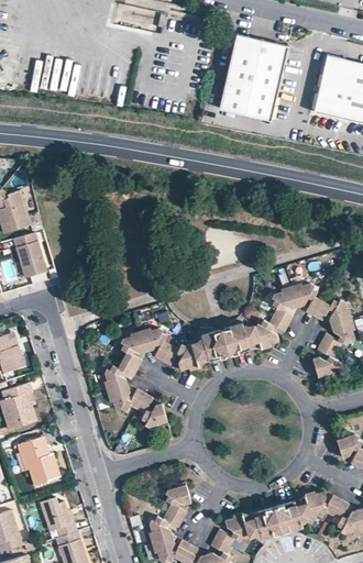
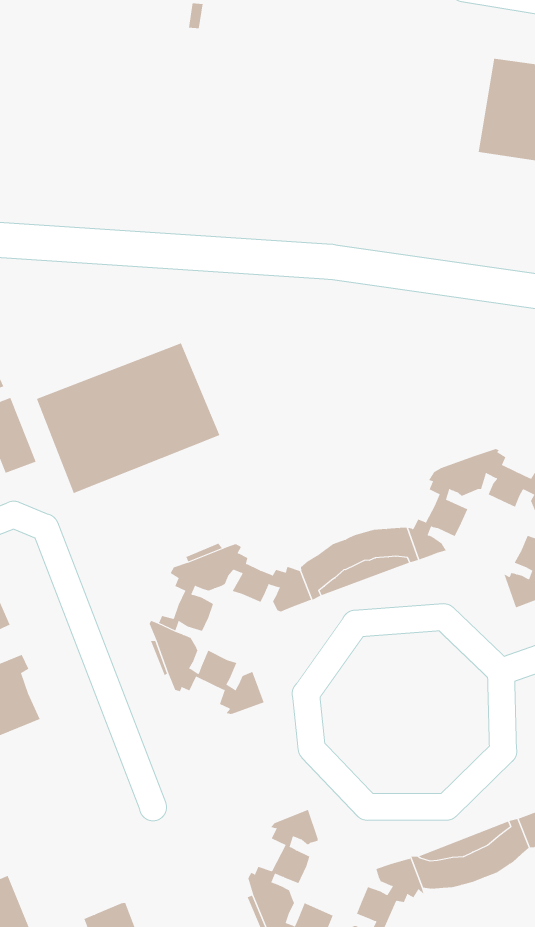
building: [220,36,289,122] -> none
building: none -> [36,342,220,494]
building: [16,435,59,484] -> none
building: [41,497,76,536] -> none

